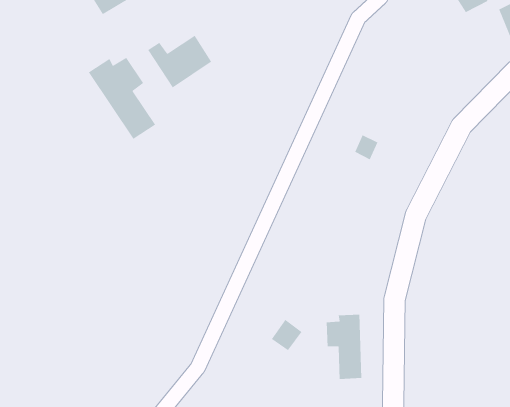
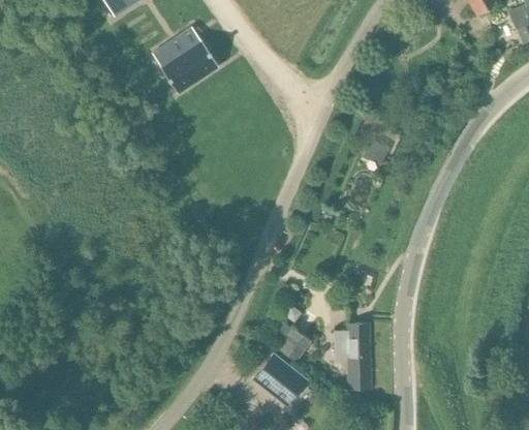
building: [88,57,156,140] -> none
building: none -> [253,354,305,404]

